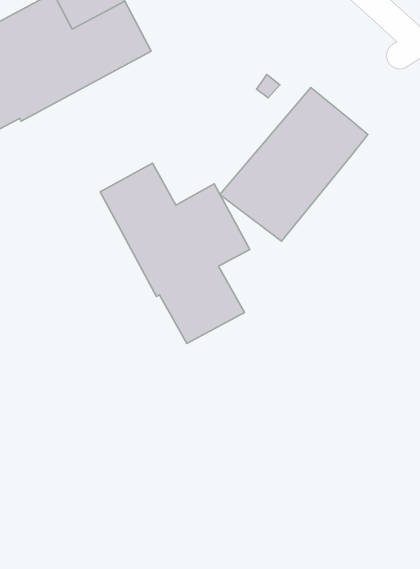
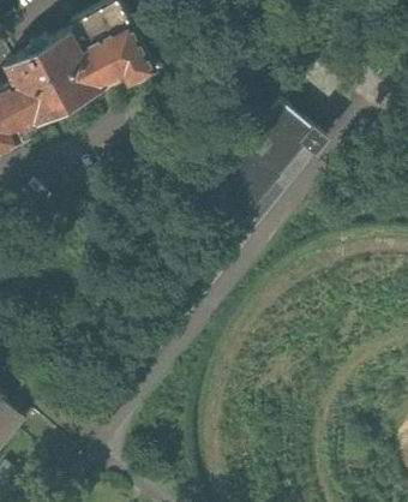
building: [100,163,250,344] -> none

